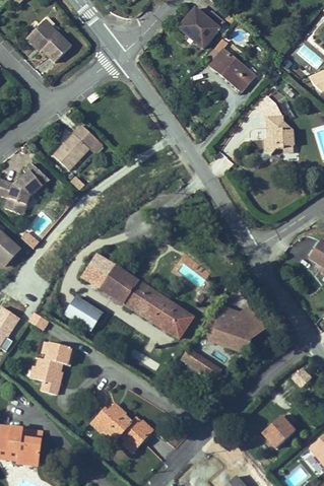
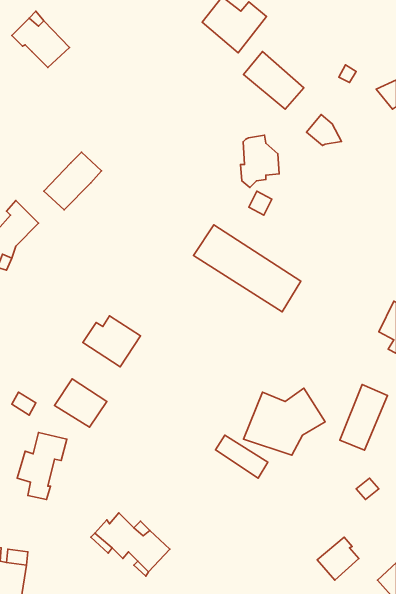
building: [260,120,289,159] -> [240,135,279,187]
building: [111,267,192,333] -> [194,225,301,312]
building: none -> [340,384,387,450]

